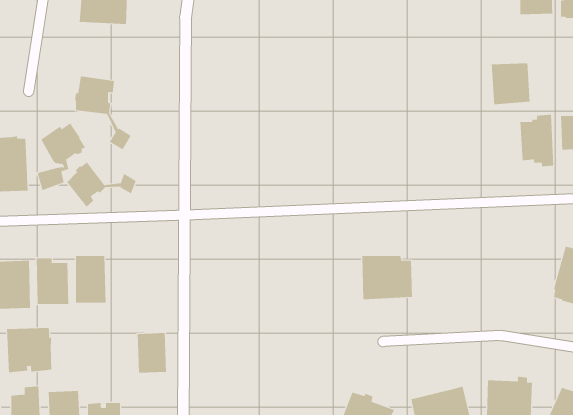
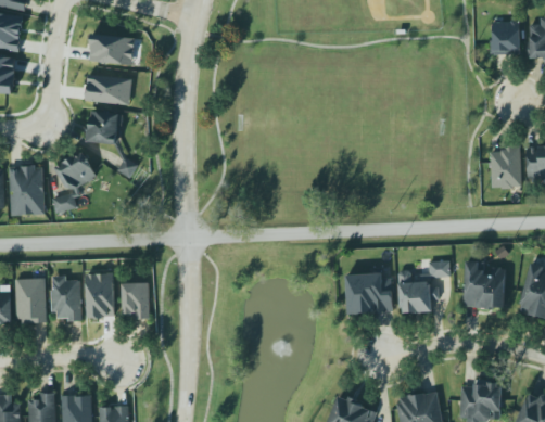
building: none -> [86,75,132,104]
building: [491,62,530,105] -> none
building: [66,161,136,208] -> none
building: none -> [400,260,449,312]
building: none -> [464,261,505,310]
building: [7,327,52,373] -> none
building: [137,333,167,373] -> [123,282,150,319]

